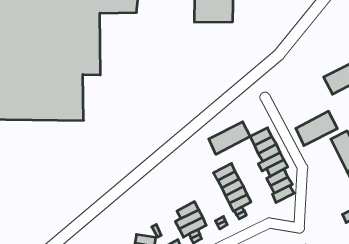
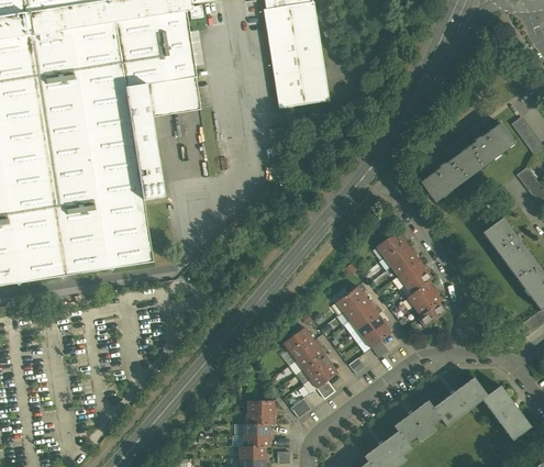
building: [296,111,337,146] -> [420,152,475,202]
building: [209,122,250,154] -> none
building: none -> [282,327,317,360]

